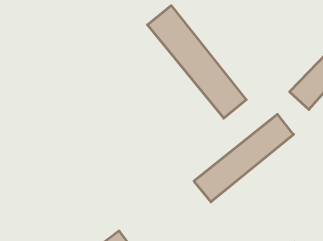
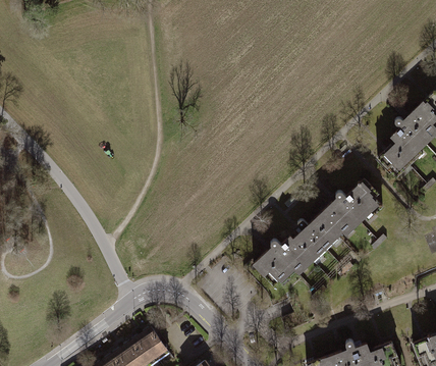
building: [147,6,246,118] -> none

